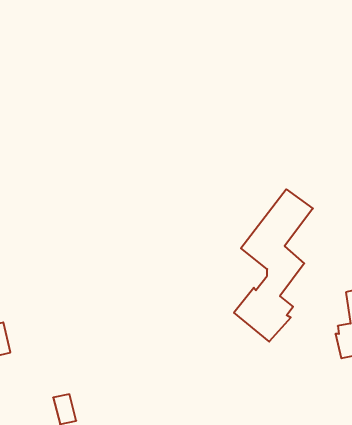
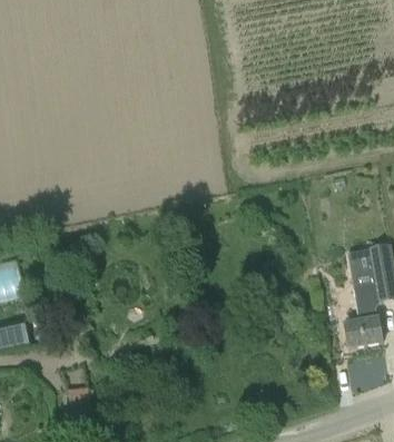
building: [234,189,313,342] -> none

